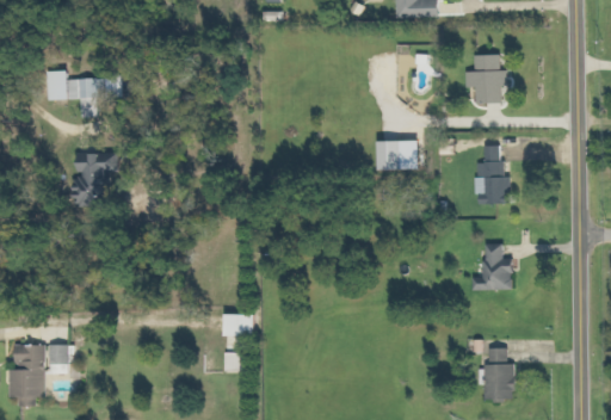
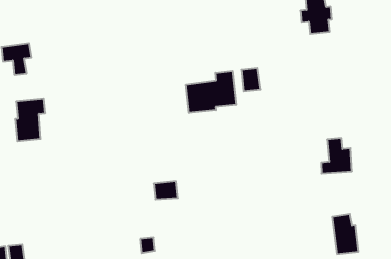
building: none -> [186,71,236,113]
building: [475,144,506,204] -> none
building: [226,313,255,335] -> [154,181,178,200]

